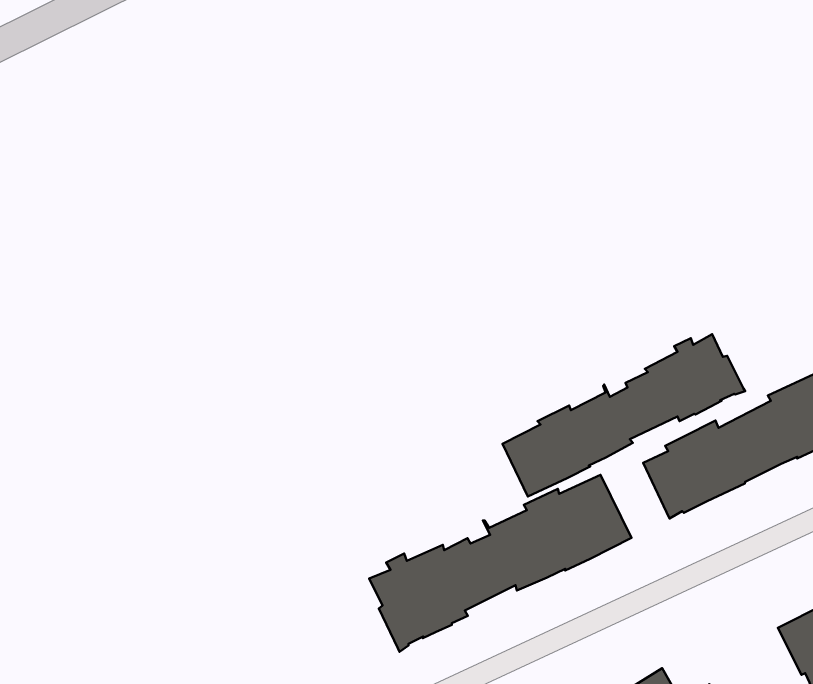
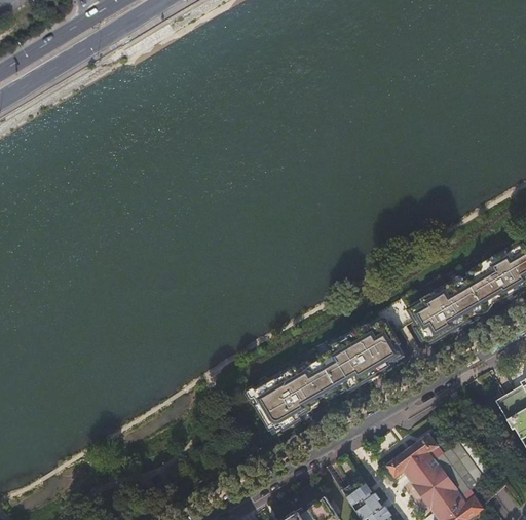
building: [503,334,745,497] -> none

